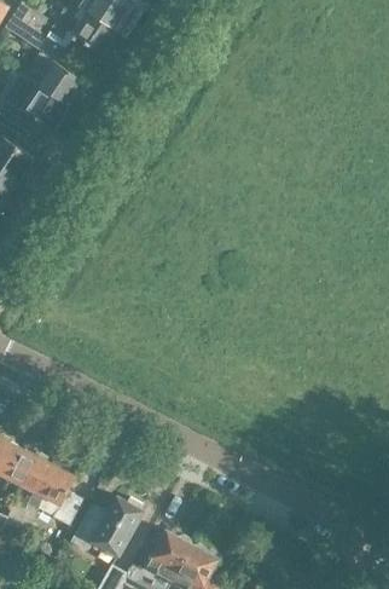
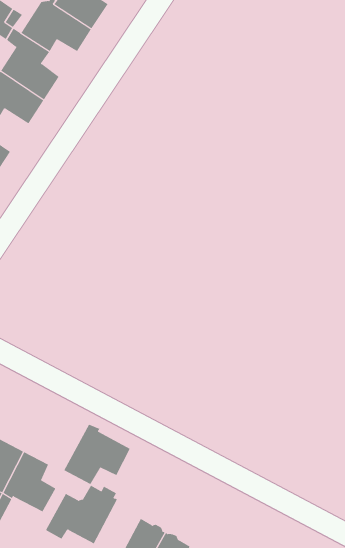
building: none -> [64,424,131,485]

